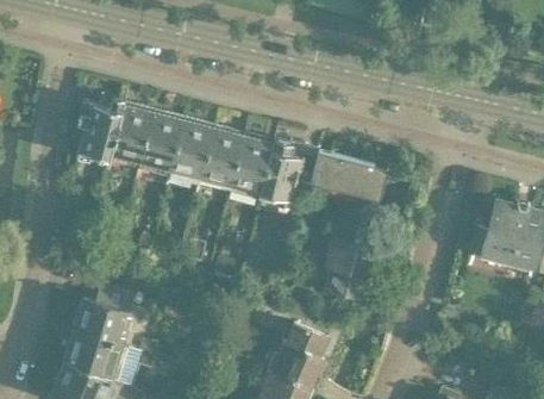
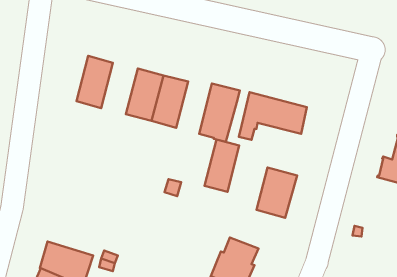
building: [77,99,125,164] -> none
building: [139,114,183,176] -> none
building: [230,137,271,200] -> [205,139,239,192]
building: [75,286,139,347] -> none

